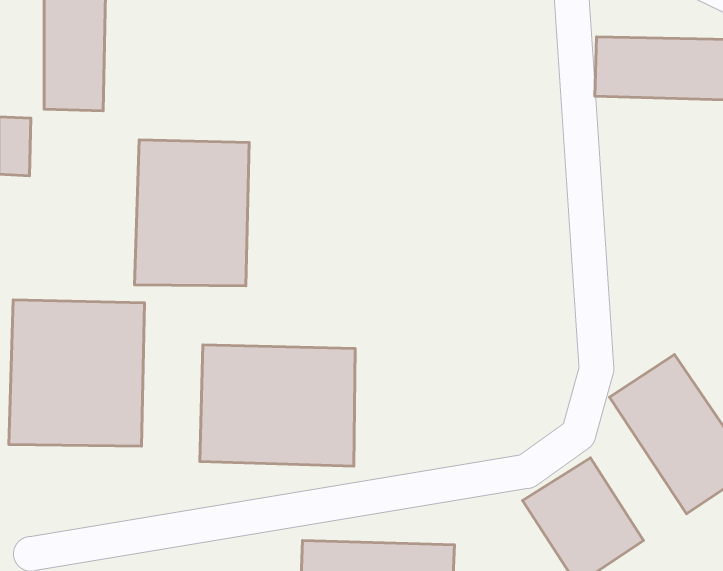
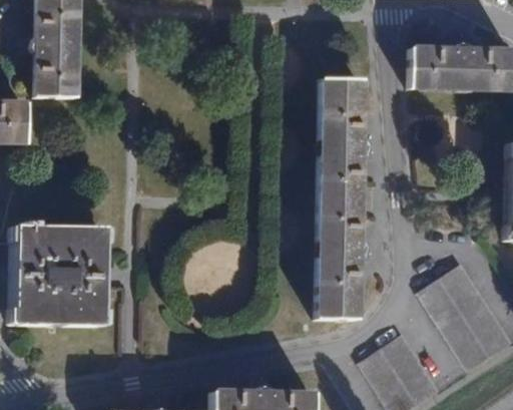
building: none -> [317,78,361,319]
building: [135,140,249,286] -> none
building: [200,345,355,466] -> none

